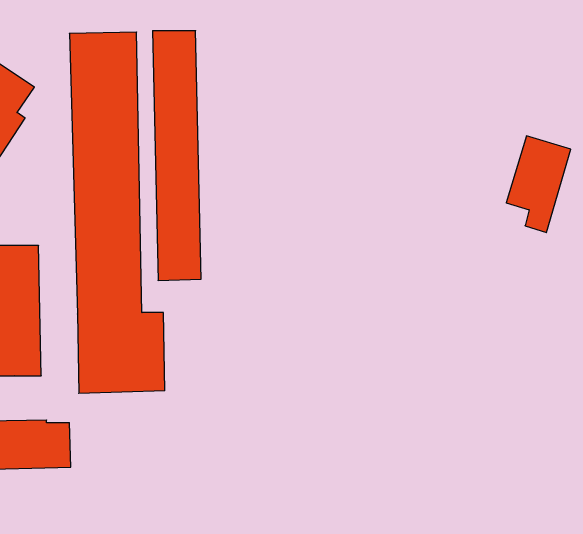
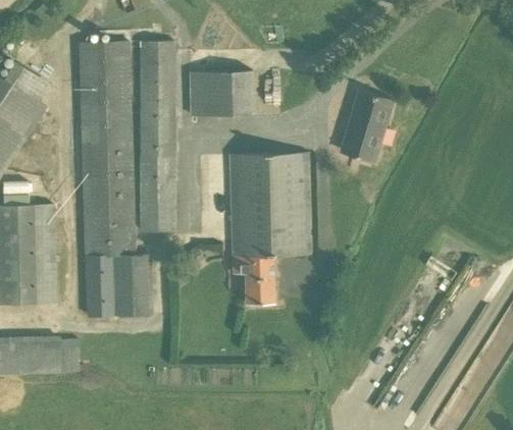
building: none -> [189,72,252,116]
building: [506,136,571,233] -> [343,91,392,164]
building: none -> [228,154,307,305]

